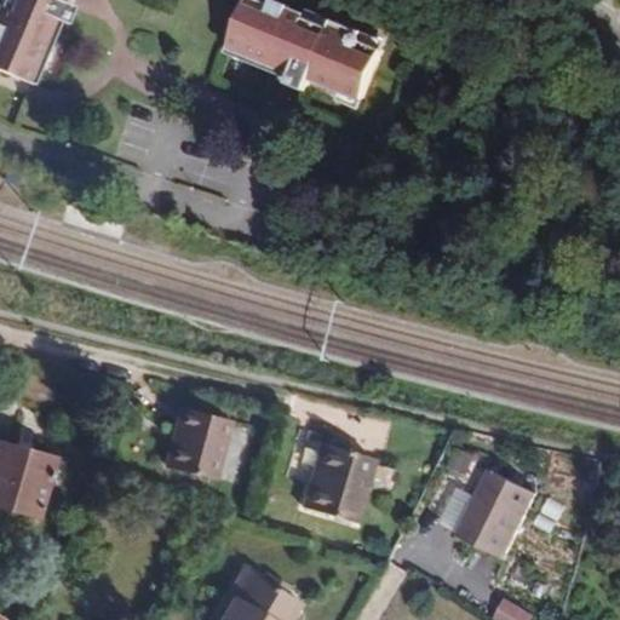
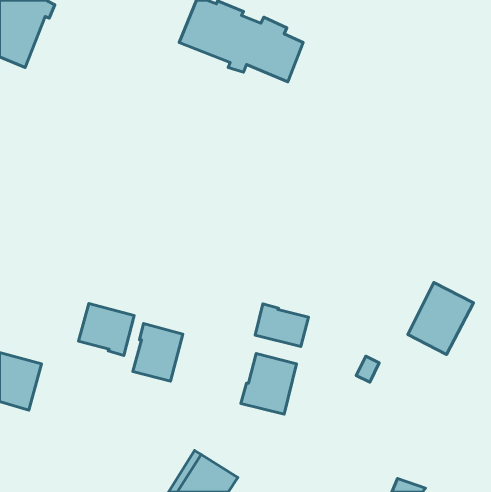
building: none -> [78,303,134,355]
building: none -> [255,304,309,347]
building: [457,469,539,559] -> [408,282,473,355]

